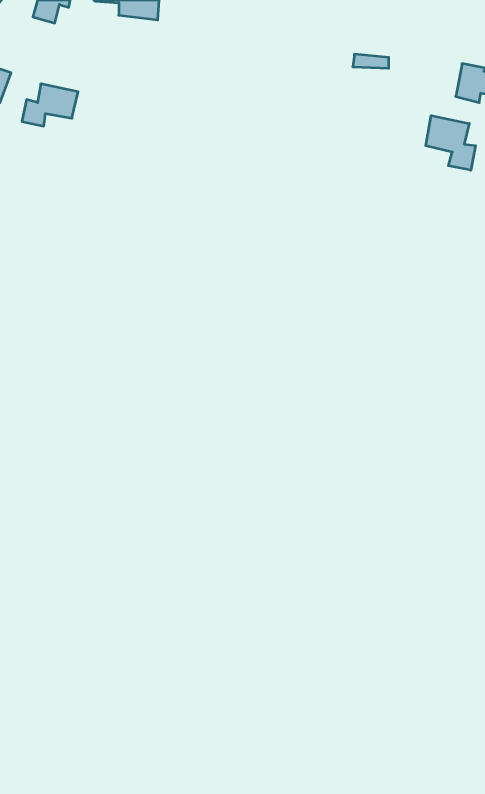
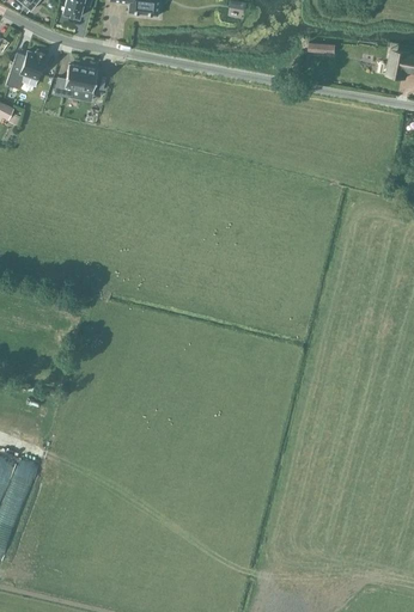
building: [426,116,476,170] -> none

